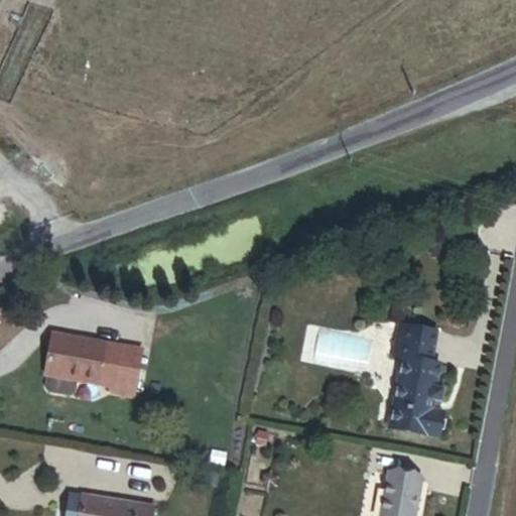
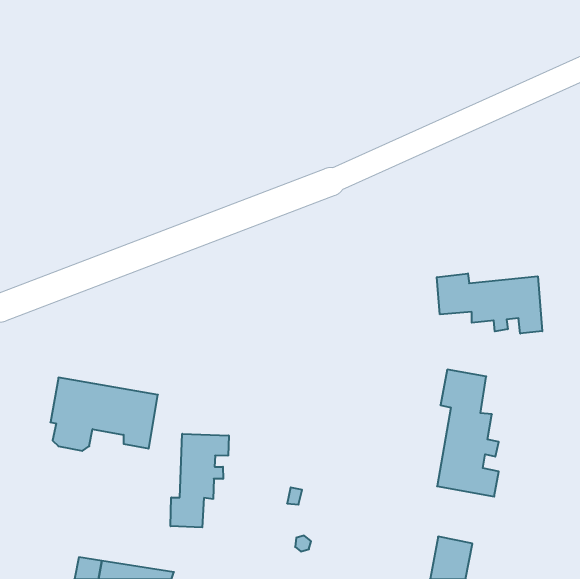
building: none -> [437,273,542,334]
building: none -> [171,434,229,527]

